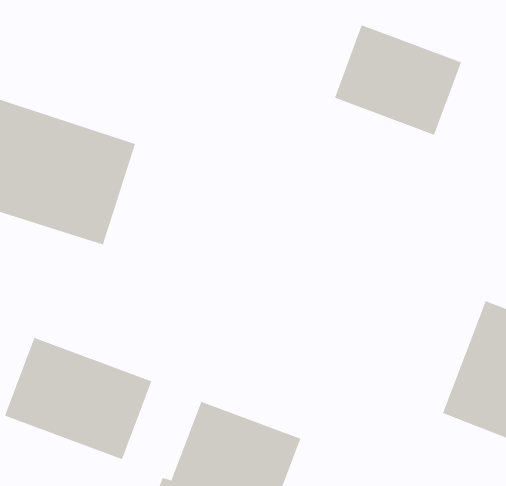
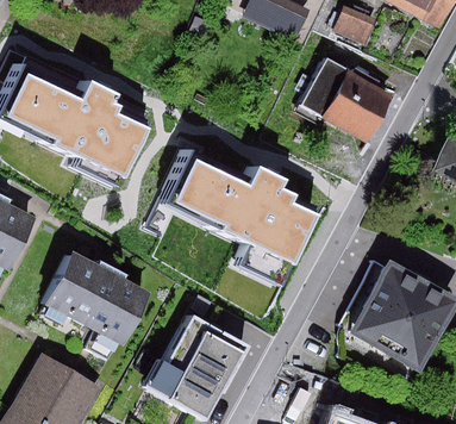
building: none -> [167,151,316,266]

